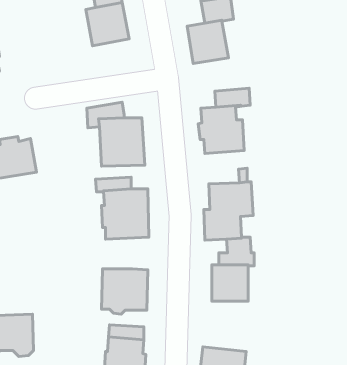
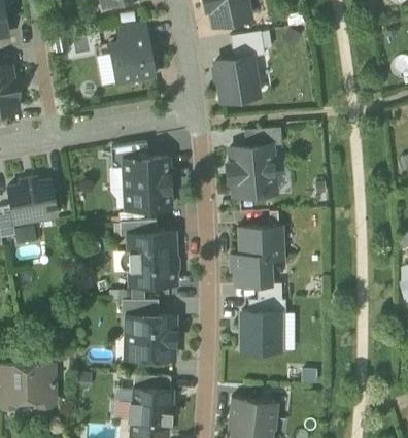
building: none -> [122,301,159,318]

